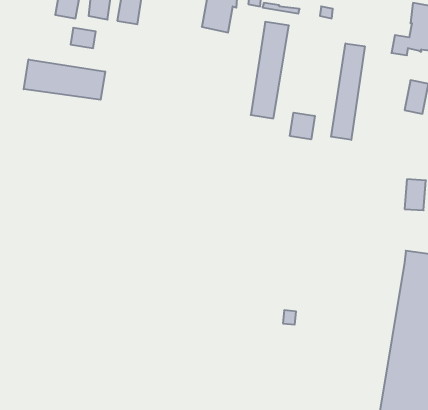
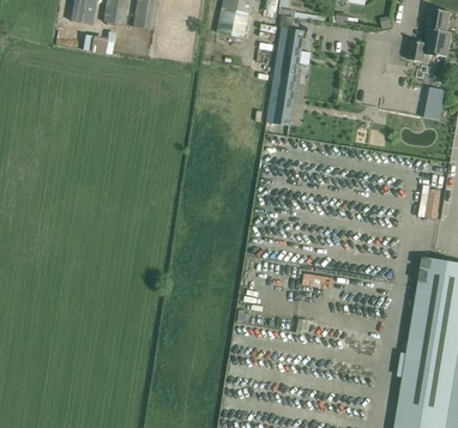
building: [331,43,365,140] -> none
building: [24,59,105,100] -> none
building: [290,113,315,139] -> none

